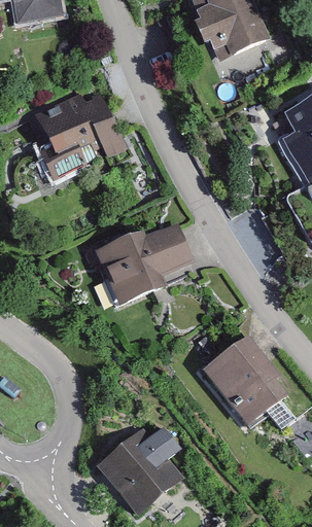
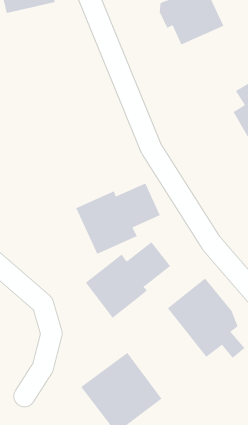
building: [36,92,125,177] -> none
building: none -> [85,241,171,319]

